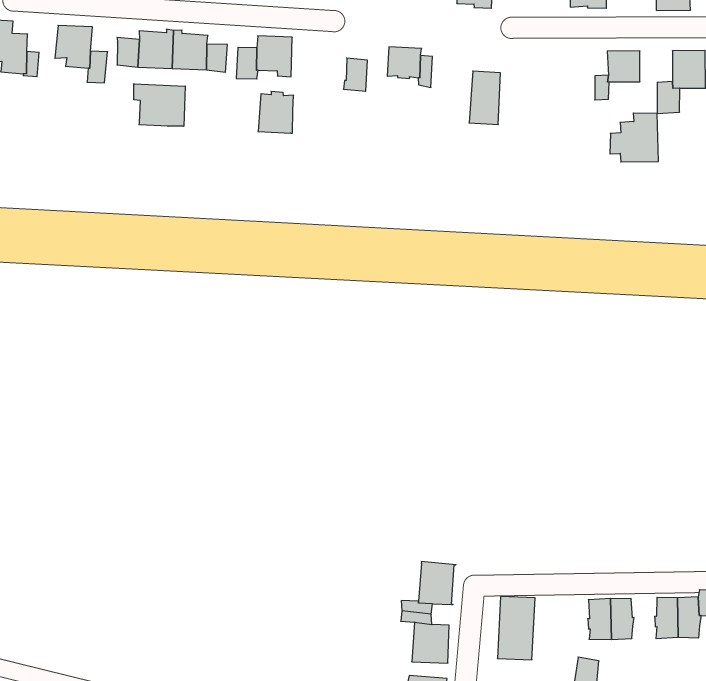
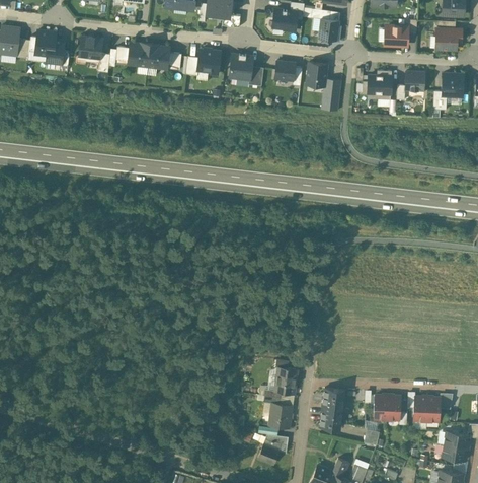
building: none -> [307,62,327,86]
building: [134,84,185,126] -> none
building: [258,91,294,133] -> [230,54,252,79]
building: [610,113,658,162] -> [362,70,391,99]

